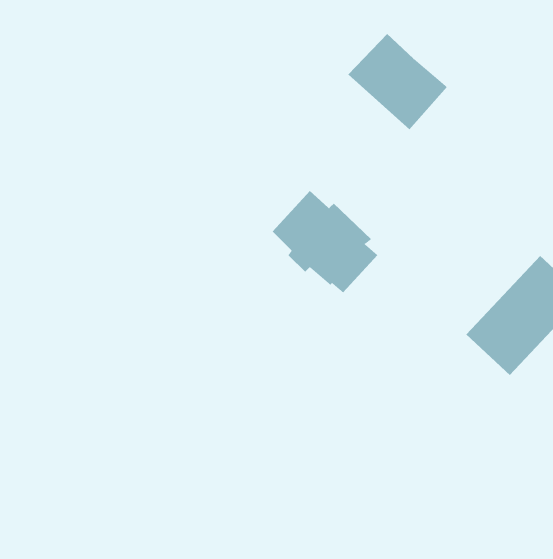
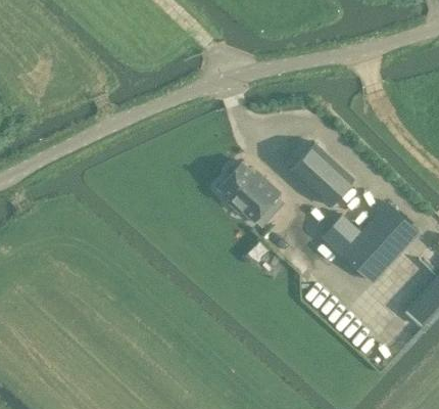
building: [347,33,447,130] -> [289,144,353,207]
building: none -> [321,216,359,255]

